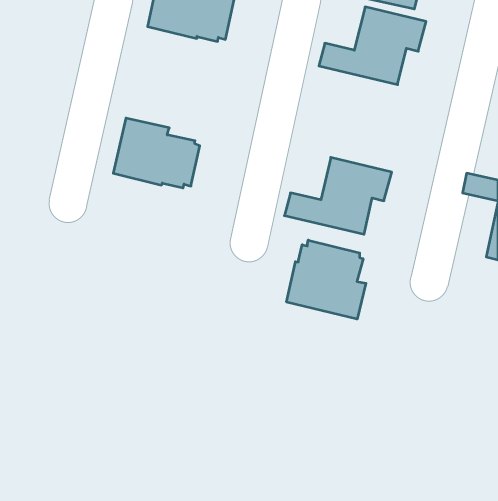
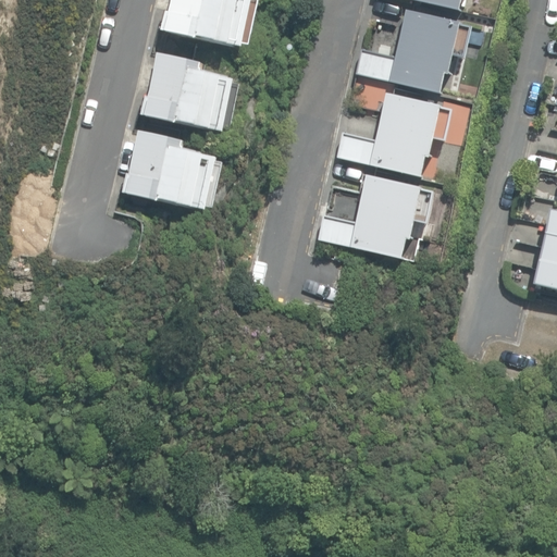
building: none -> [144,53,240,131]
building: none -> [334,91,451,176]
building: [287,240,366,319] -> none

